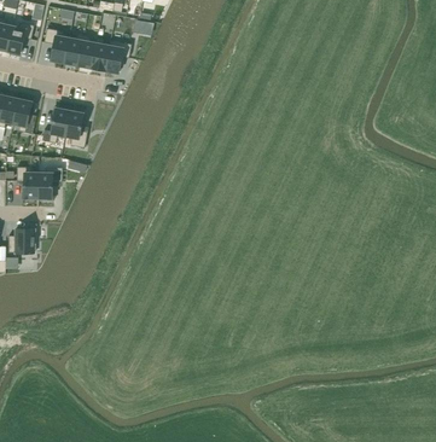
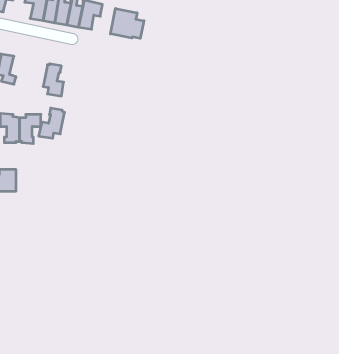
building: none -> [110,8,144,38]
building: [41,107,70,141] -> [39,108,65,138]

